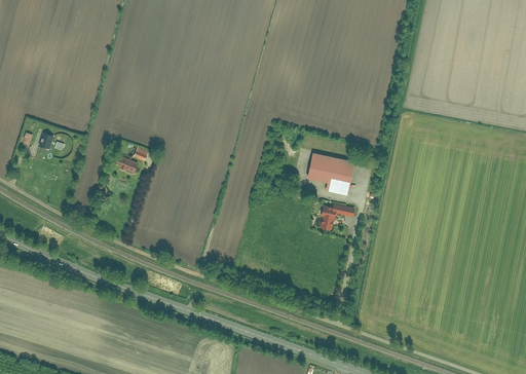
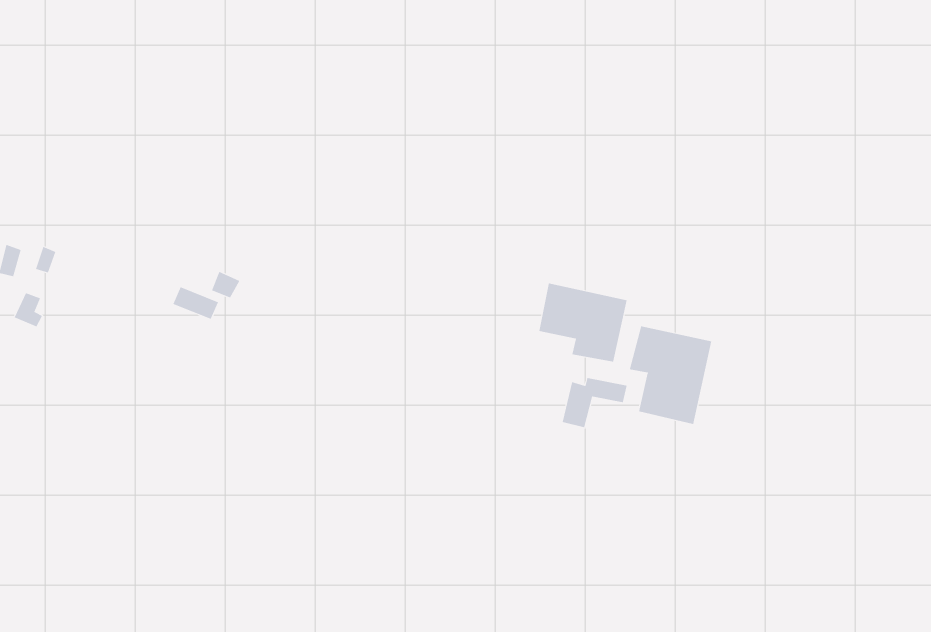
building: none -> [629,325,712,425]

